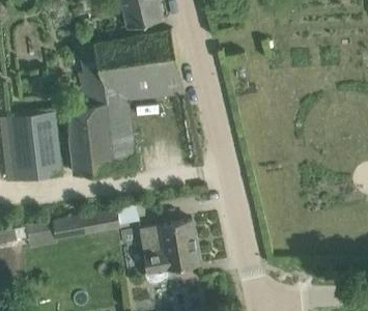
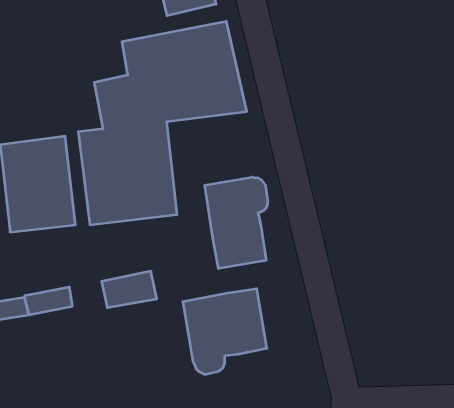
building: none -> [205,177,268,269]

